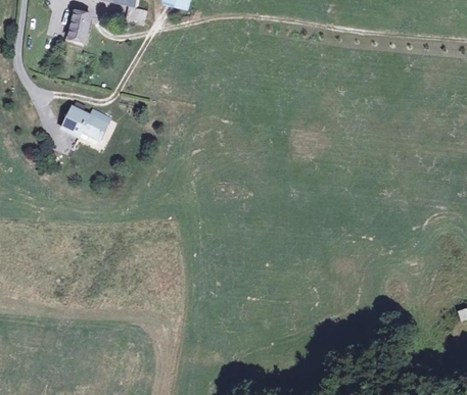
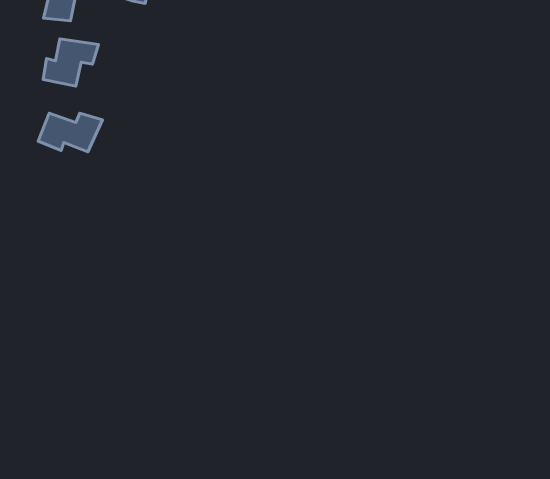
building: none -> [43,39,98,86]

